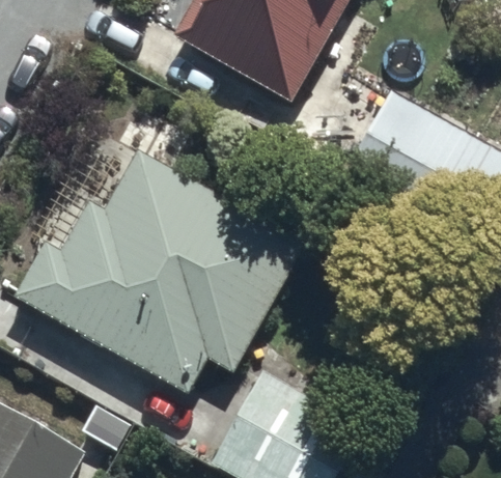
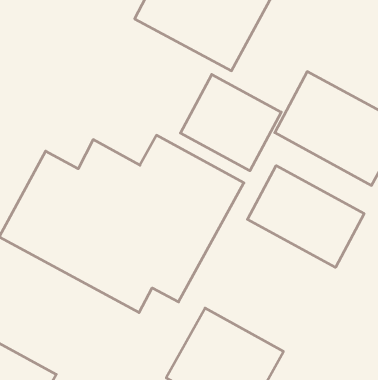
building: none -> [180,74,281,171]
building: none -> [247,166,364,267]

